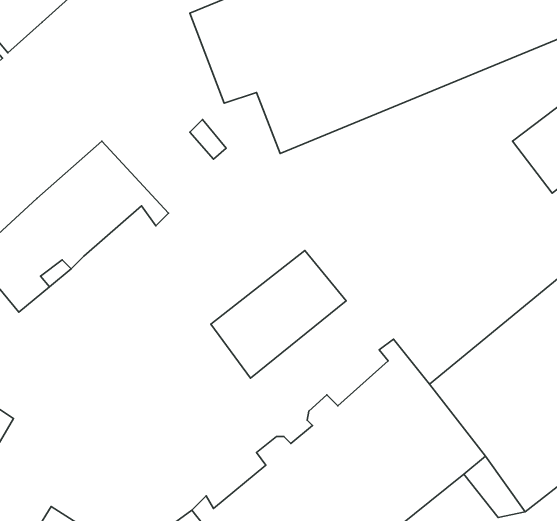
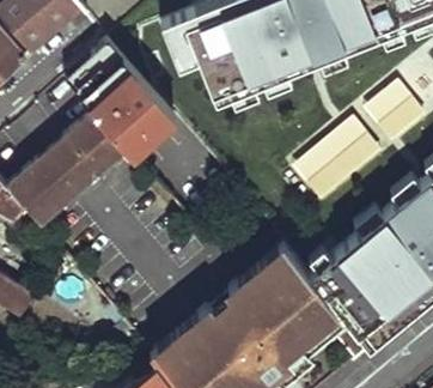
building: none -> [63,35,160,165]
building: [211,250,346,378] -> [291,117,380,202]

